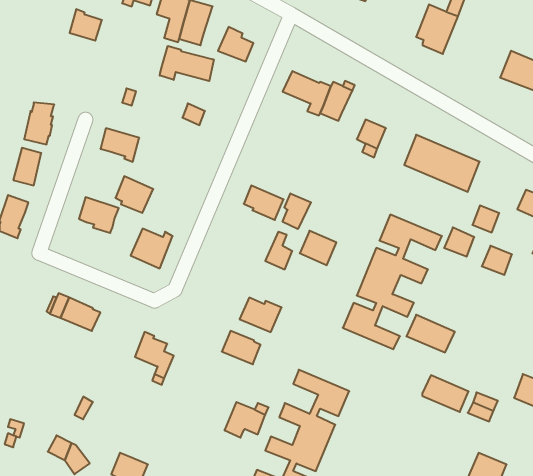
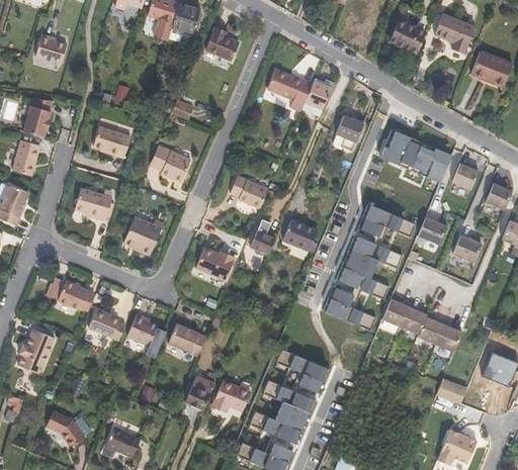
building: [70,9,102,41] -> [37,31,68,61]
building: none -> [434,13,476,53]
building: [160,46,214,81] -> none
building: [115,176,153,213] -> [156,147,191,181]
building: [283,193,311,229] -> none
building: [472,205,499,232] -> [452,164,478,189]
building: [240,298,282,332] -> [194,247,234,279]
building: none -> [88,309,125,341]
building: [222,331,261,364] -> [168,324,204,356]
building: none -> [19,327,57,372]
building: [422,375,469,412] -> [419,315,462,350]
building: none -> [185,375,214,409]

